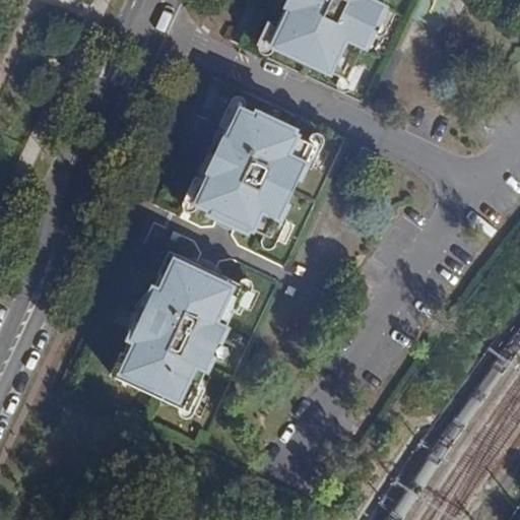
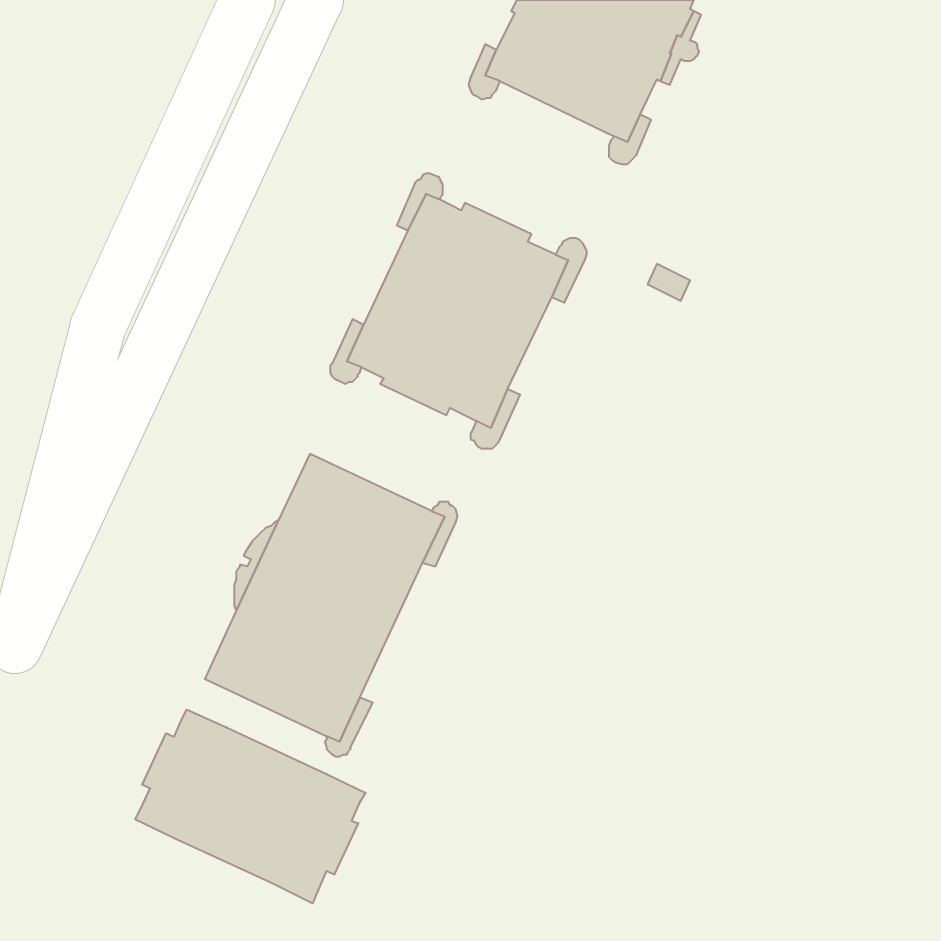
building: none -> [135,710,366,903]

